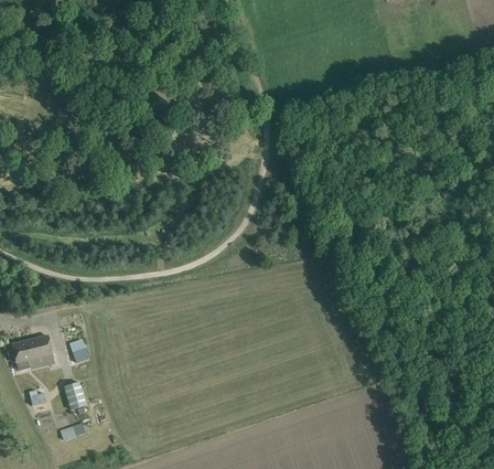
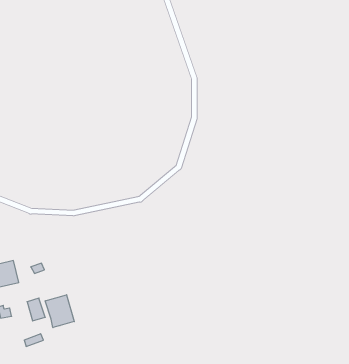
building: none -> [45,295,74,328]

